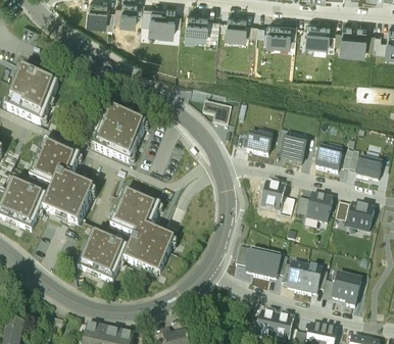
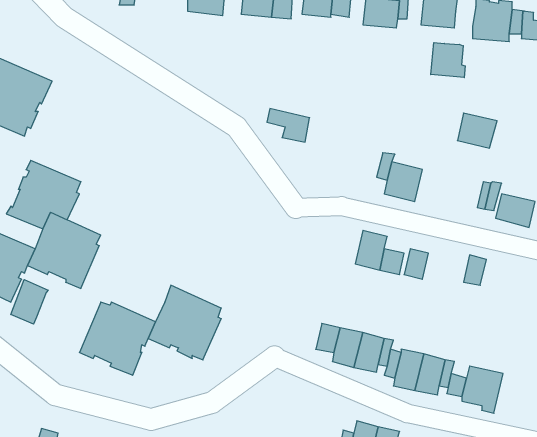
building: none -> [431,43,465,78]
building: [94,104,146,157] -> none
building: [246,134,273,154] -> none
building: [315,147,342,170] -> [457,113,497,148]
building: [109,184,158,230] -> none
building: [306,193,332,220] -> none
building: [347,202,374,230] -> none
building: none -> [11,280,48,324]

